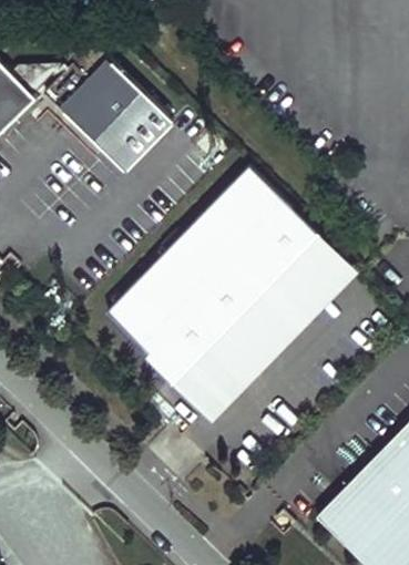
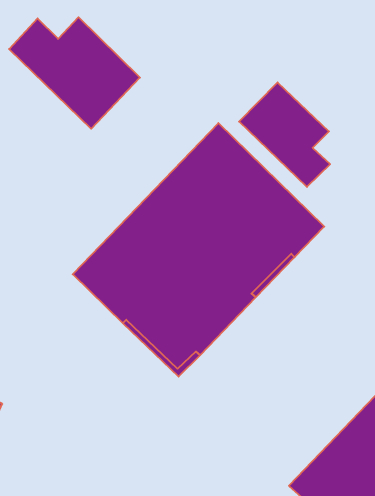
building: none -> [239,82,330,187]

